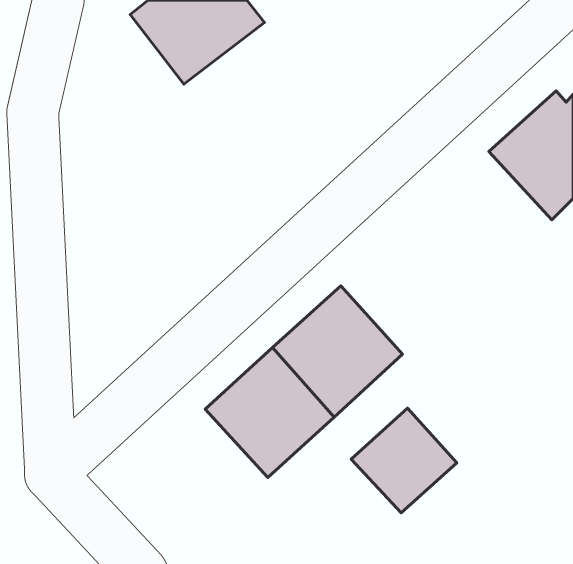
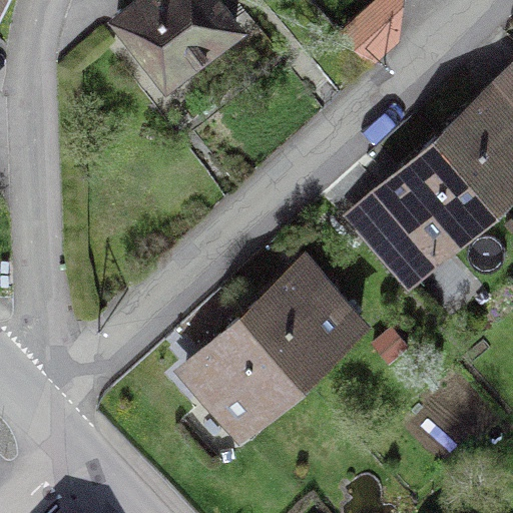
building: none -> [361,143,493,283]
building: [351,408,457,513] -> none

